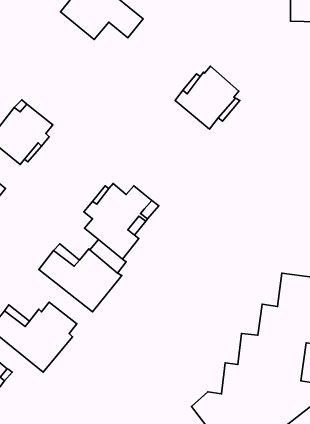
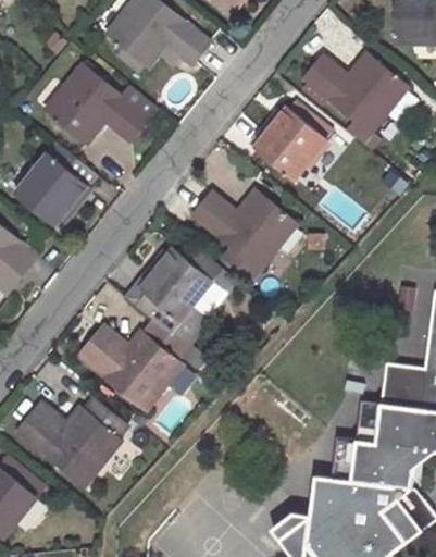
building: none -> [302,54,407,134]
building: none -> [42,63,157,144]
building: none -> [192,191,296,271]

